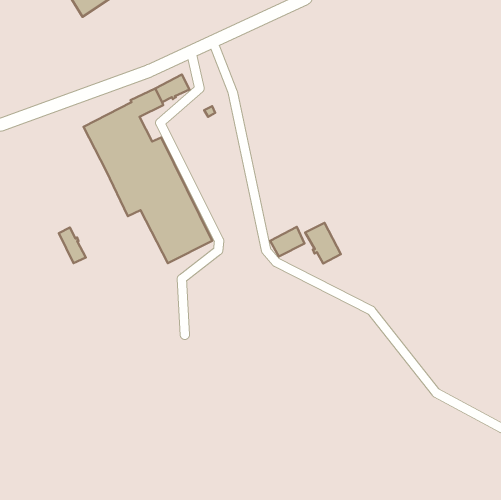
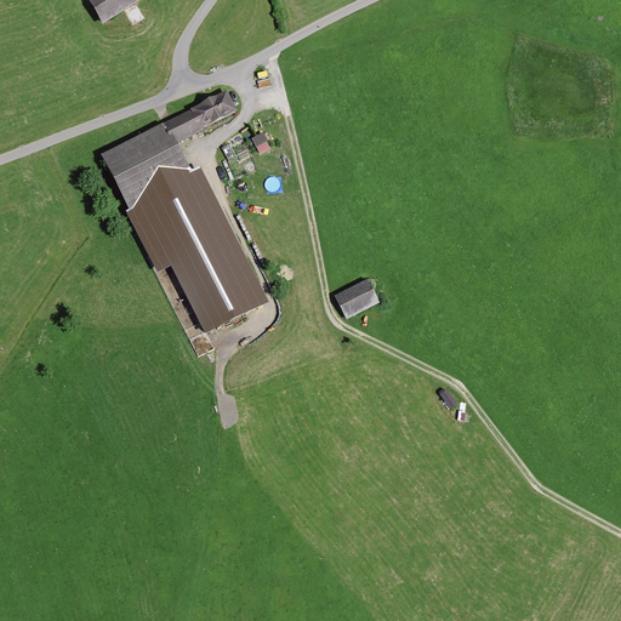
building: [305,223,341,263] -> none
building: [59,227,86,263] -> none

